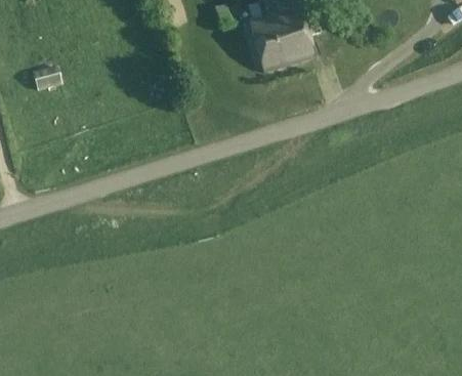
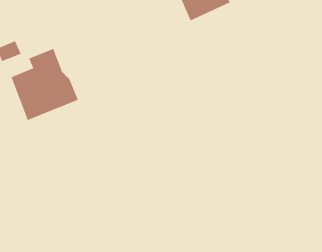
building: none -> [11,48,78,121]

